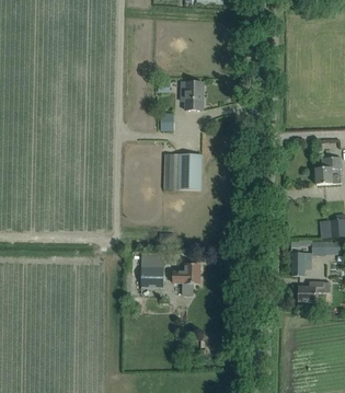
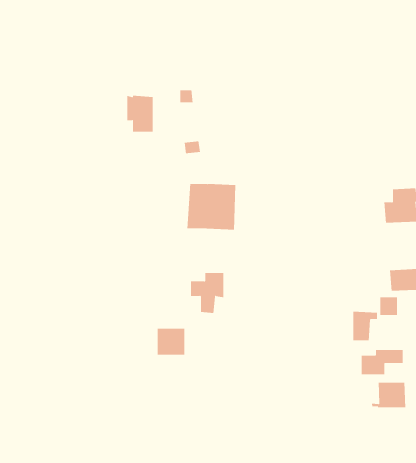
building: [182,81,203,109] -> [127,95,154,132]
building: [174,264,200,296] -> [190,272,224,313]
building: none -> [371,382,406,408]

